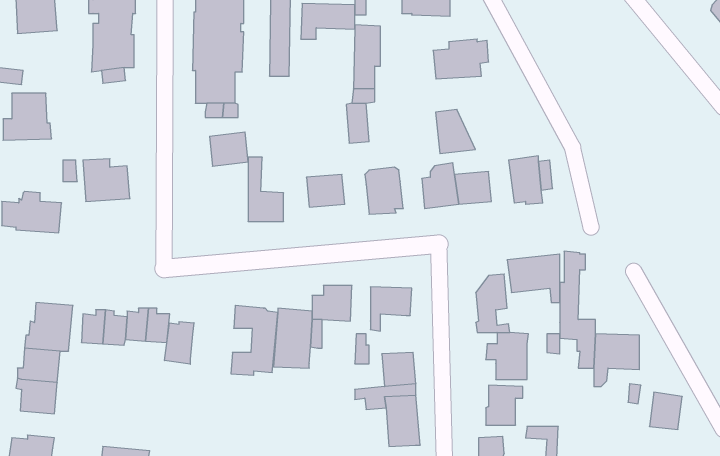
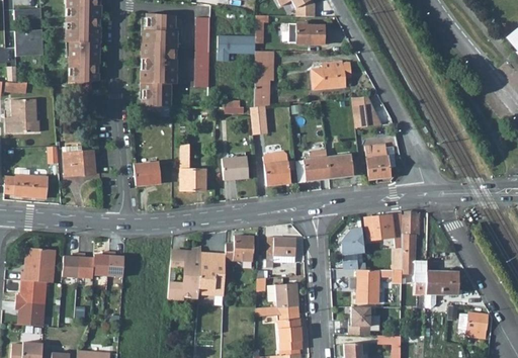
building: [436,109,475,154] -> [352,96,380,127]
building: [210,132,248,166] -> [134,162,161,186]
building: [165,322,194,364] -> none

